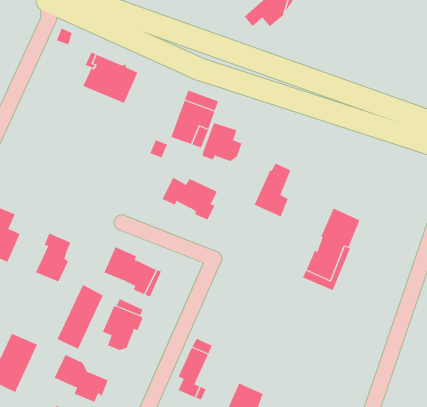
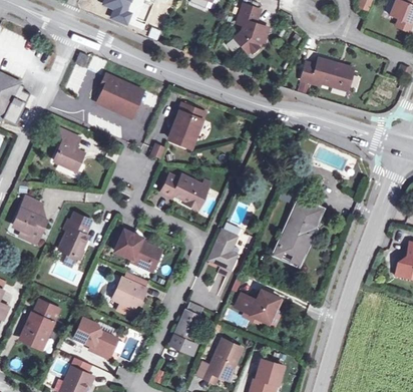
building: none -> [300,58,352,88]
building: none -> [53,127,83,168]
building: [203,122,242,162] -> none
building: [254,163,291,217] -> [208,225,238,269]
building: [57,284,104,349] -> none
building: none -> [235,290,278,322]

